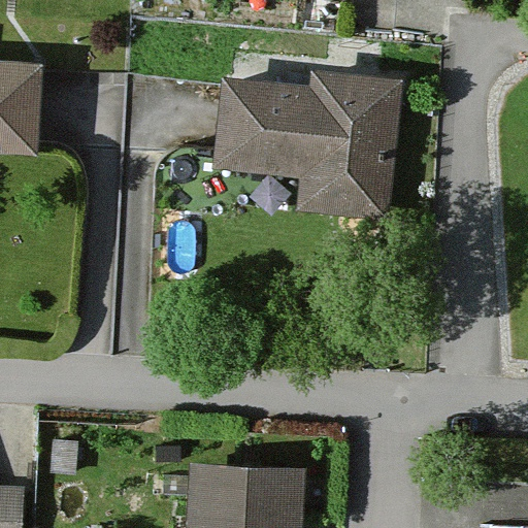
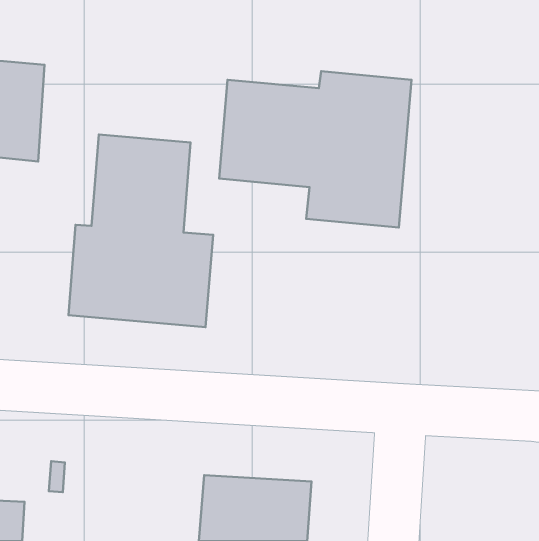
building: none -> [68,134,213,327]

